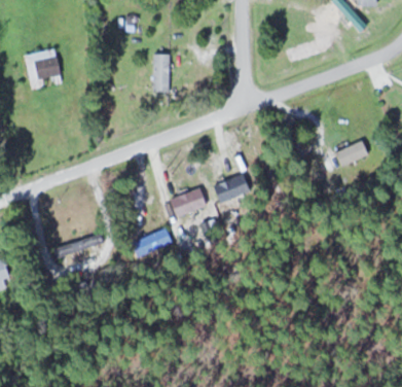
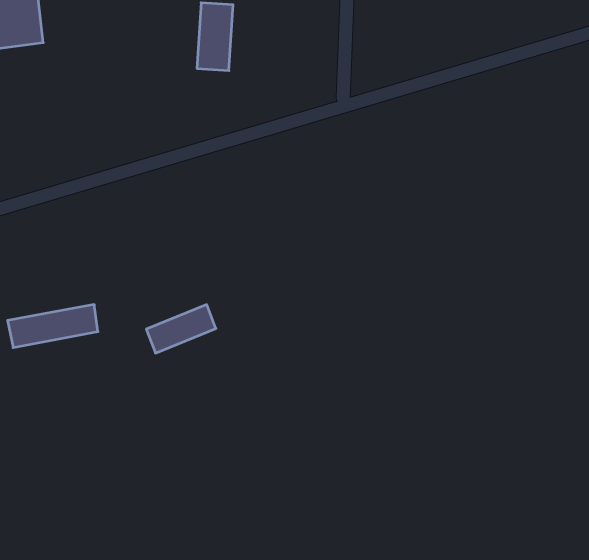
building: [333,140,369,169] -> none
building: [213,174,251,205] -> none
building: [170,188,208,217] -> none

